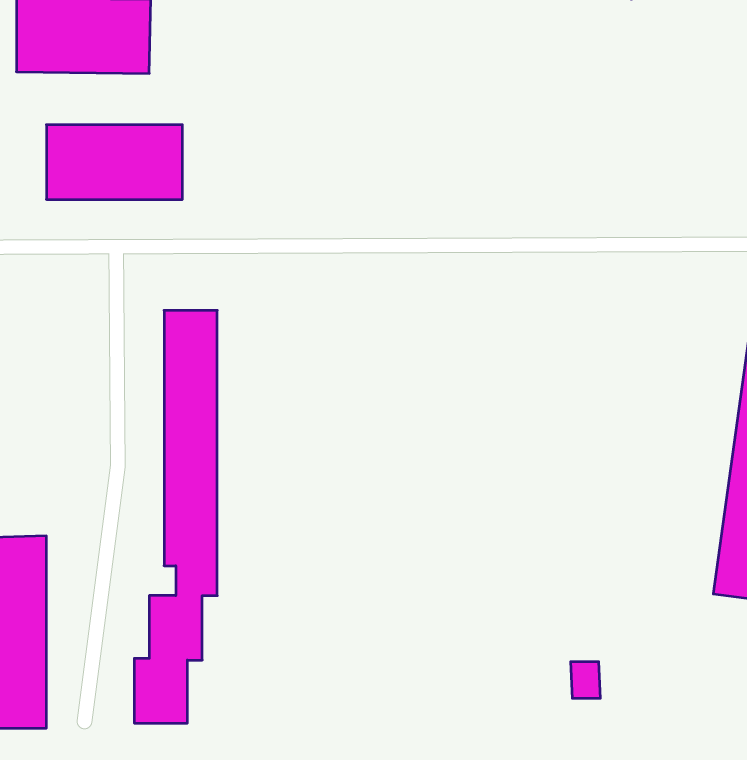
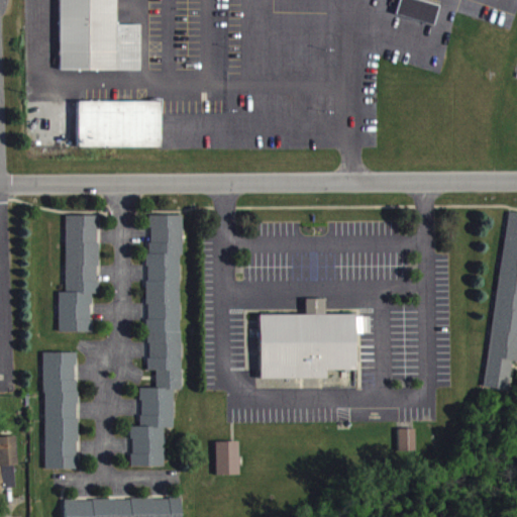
building: none -> [59,215,98,332]
building: none -> [257,298,354,378]
building: none -> [213,440,237,475]

